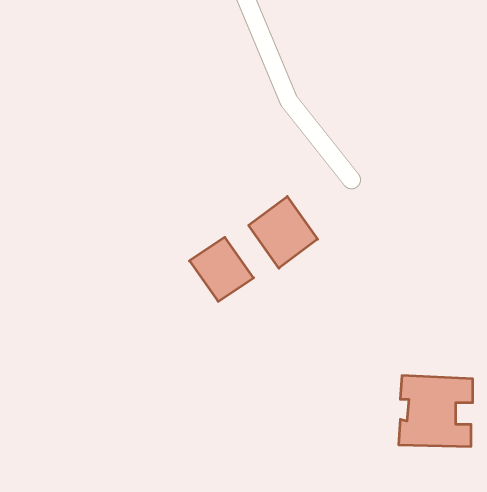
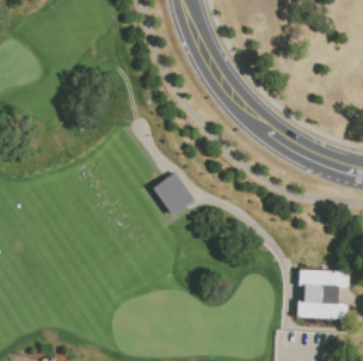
building: [249,196,318,268] -> none

